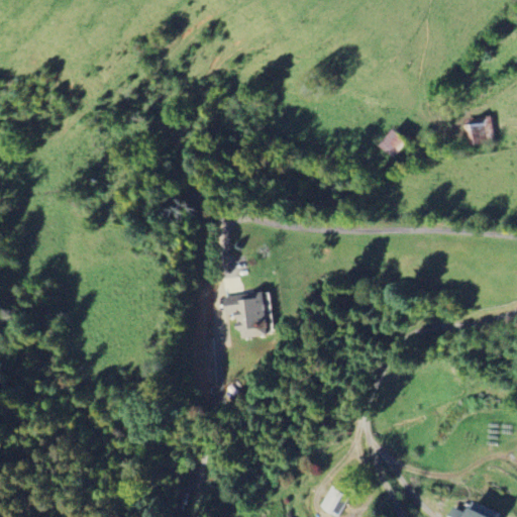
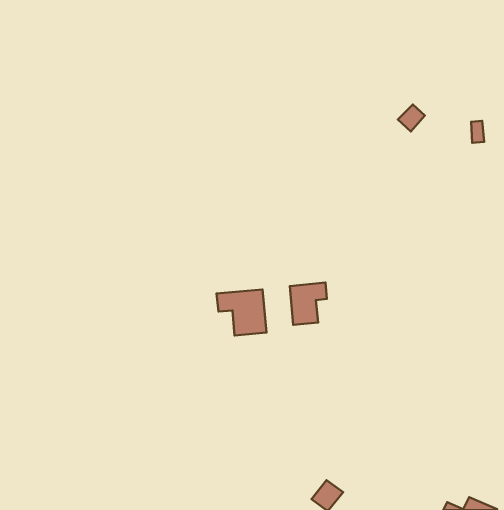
building: [381,131,408,159] -> [398,105,425,131]
building: none -> [290,283,327,325]

